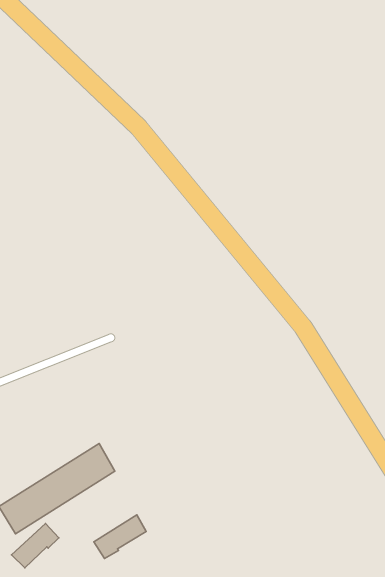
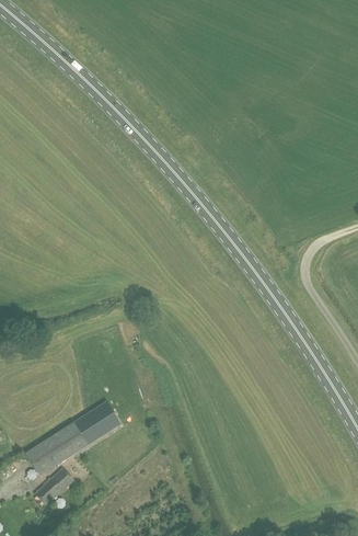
building: [94,515,146,559] -> none

